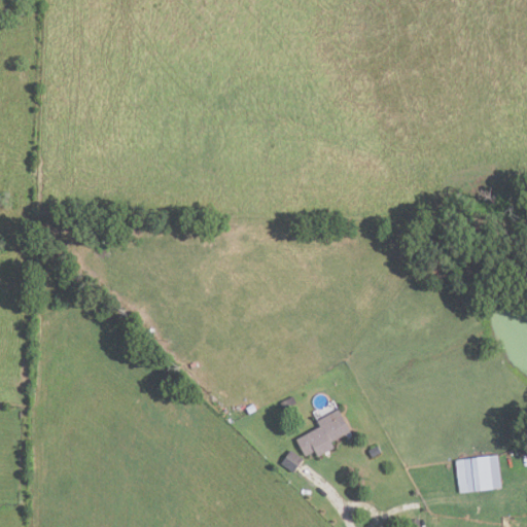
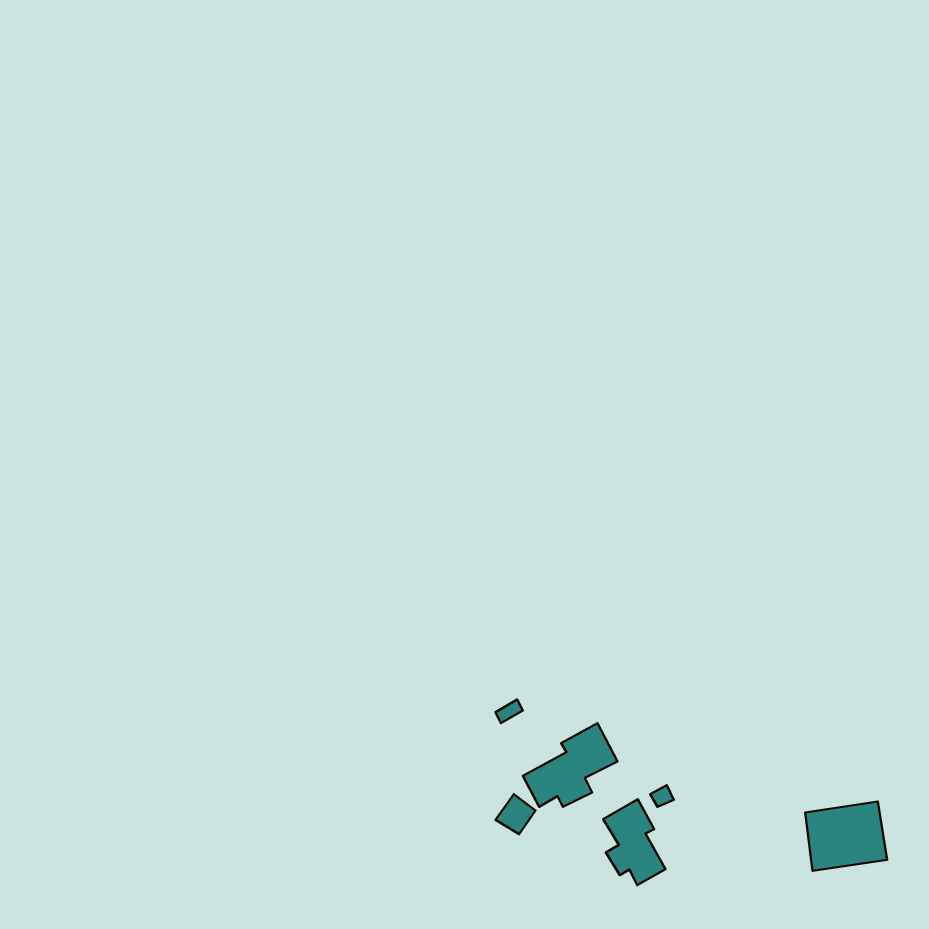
building: none -> [603,799,665,885]

